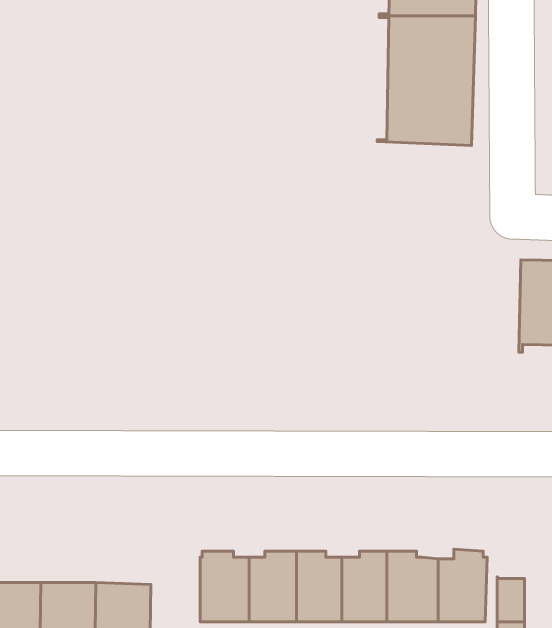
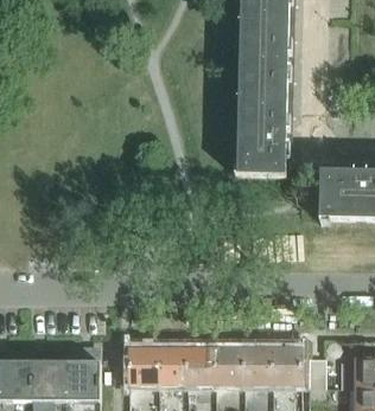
building: none -> [231,97,291,176]

